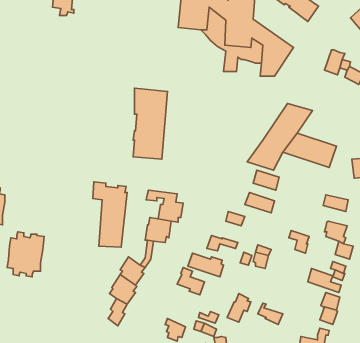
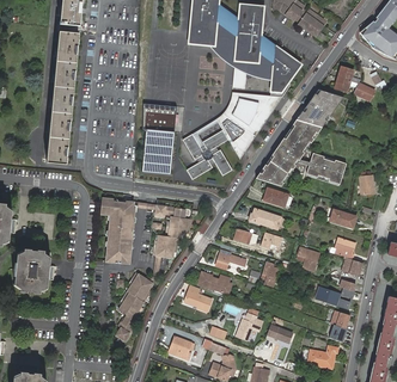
building: none -> [47,23,78,165]
building: none -> [297,88,343,127]
building: none -> [183,91,282,178]

